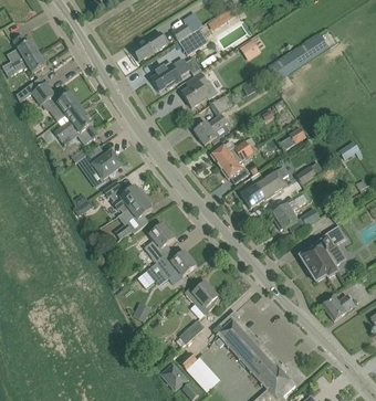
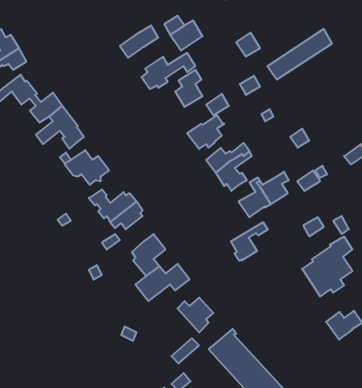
building: [273,193,307,229] -> [231,222,268,261]

